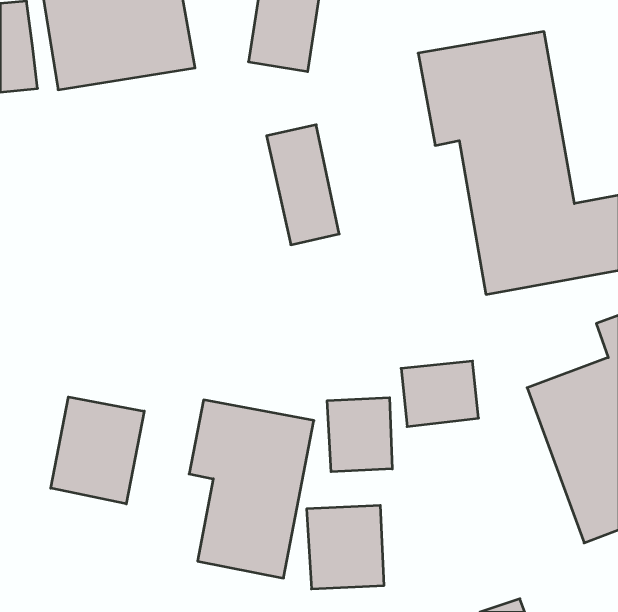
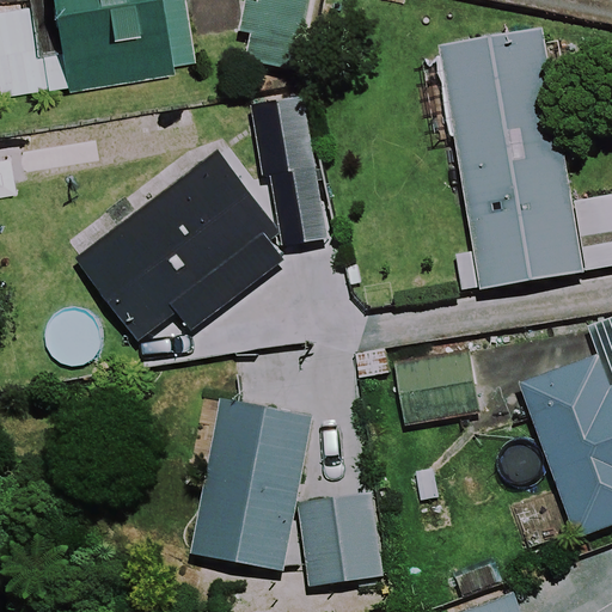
building: none -> [66,141,287,341]
building: [51,397,144,504] -> none
building: [327,398,392,472] -> none

